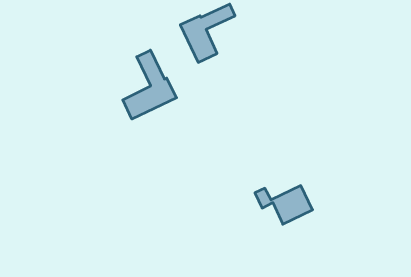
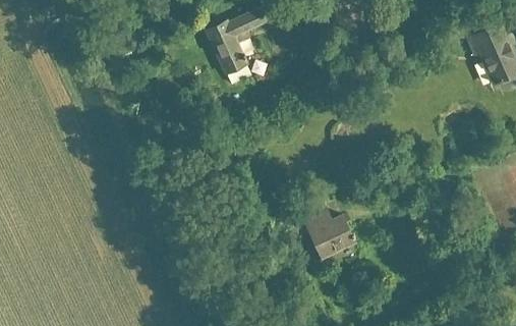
building: [123,50,177,119] -> none

